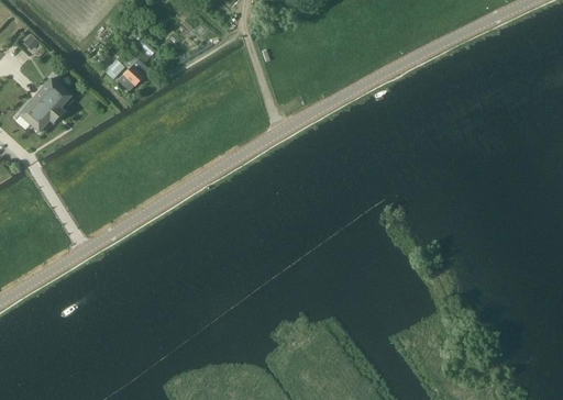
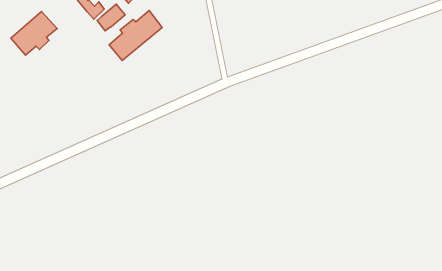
building: none -> [109,11,162,60]

